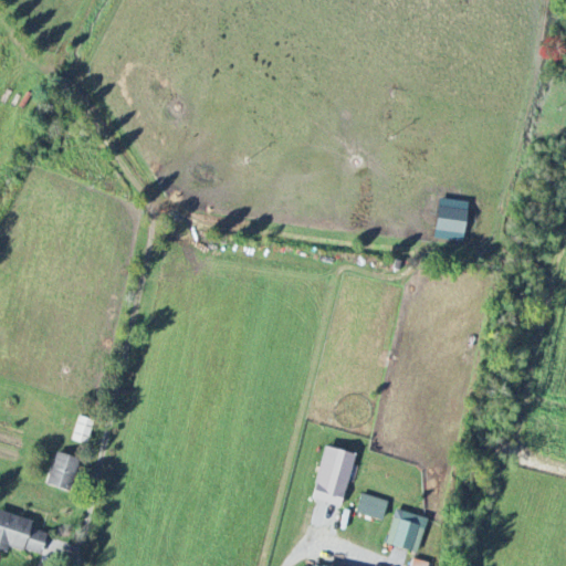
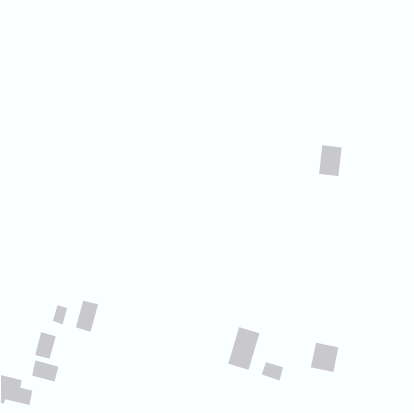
building: none -> [75,300,99,333]
building: none -> [31,359,60,382]
building: [387,509,427,551] -> [310,342,339,373]

